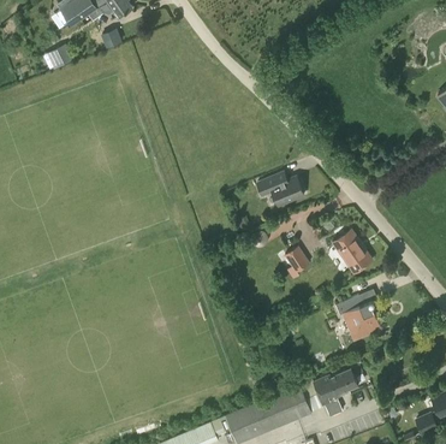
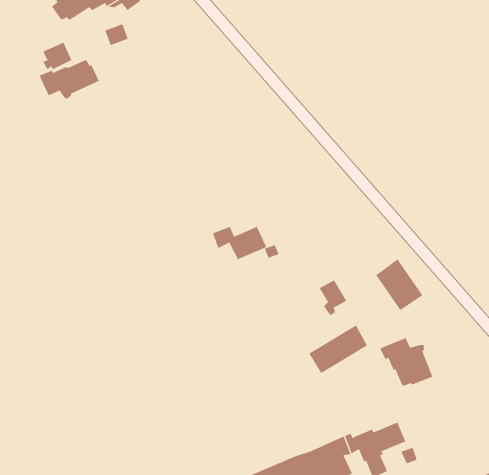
building: none -> [39,59,99,100]
building: [257,177,304,206] -> [212,226,267,260]
building: none -> [308,324,368,374]

